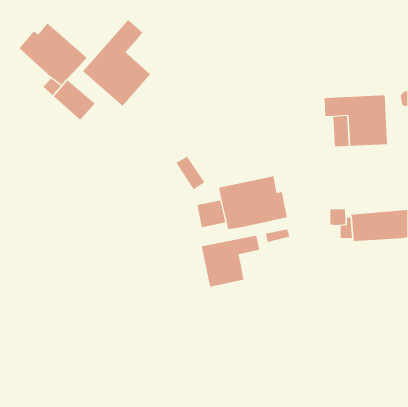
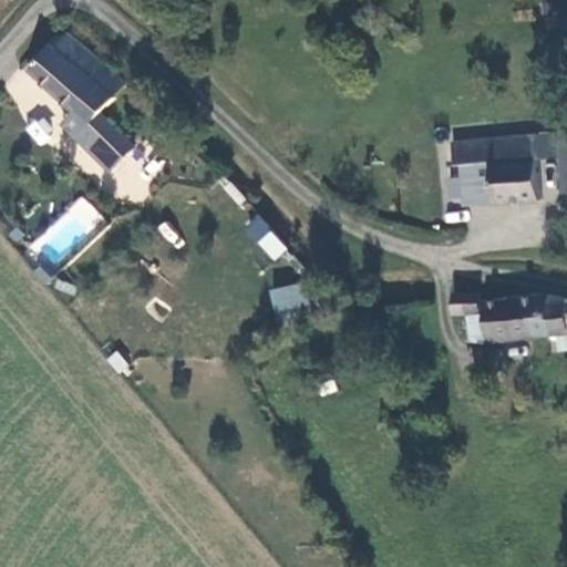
building: [82,19,151,107] -> none
building: [218,176,288,230] -> none
building: [201,235,260,288] -> none

